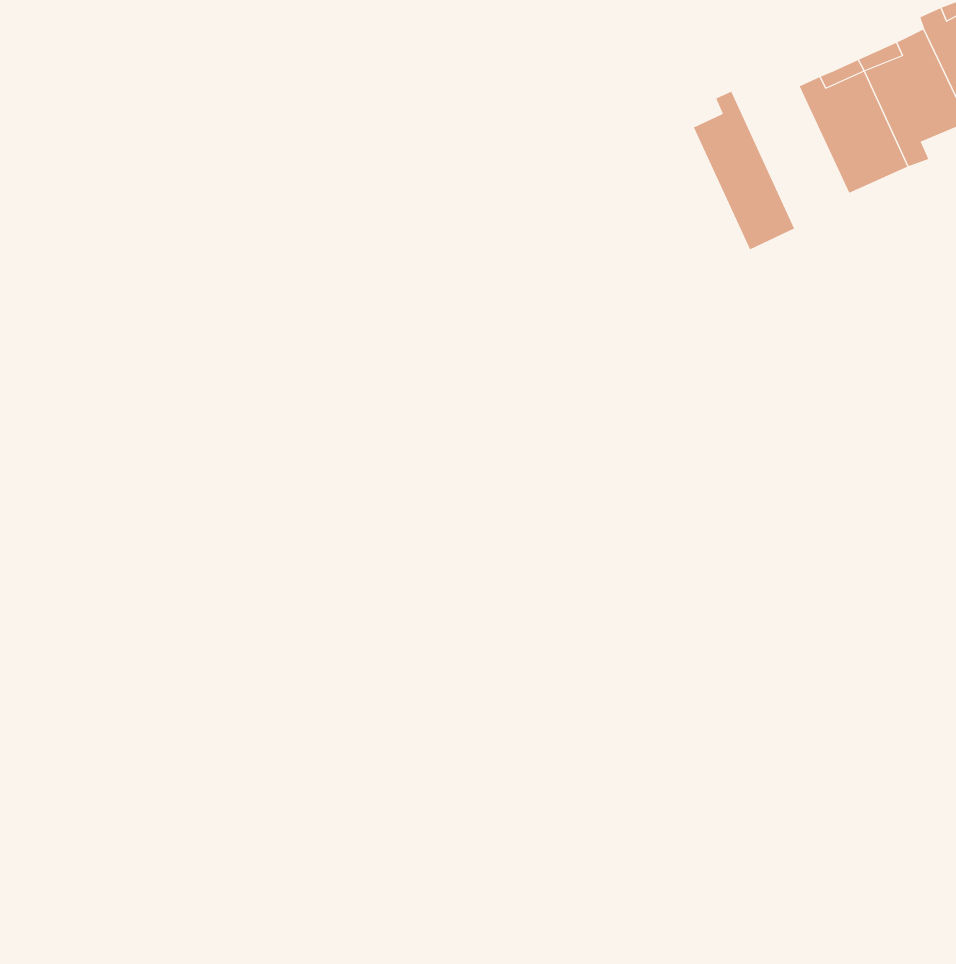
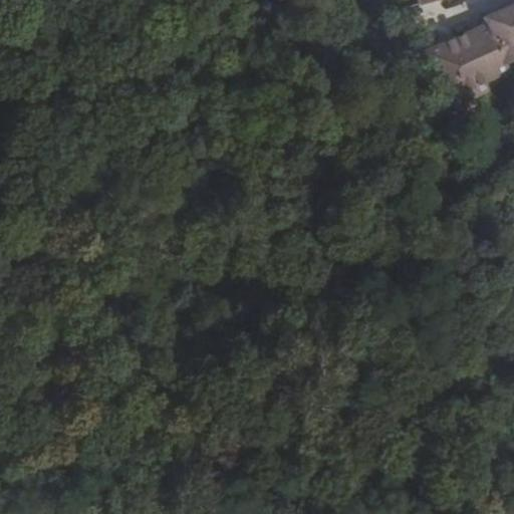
building: [693,91,795,250] -> none

